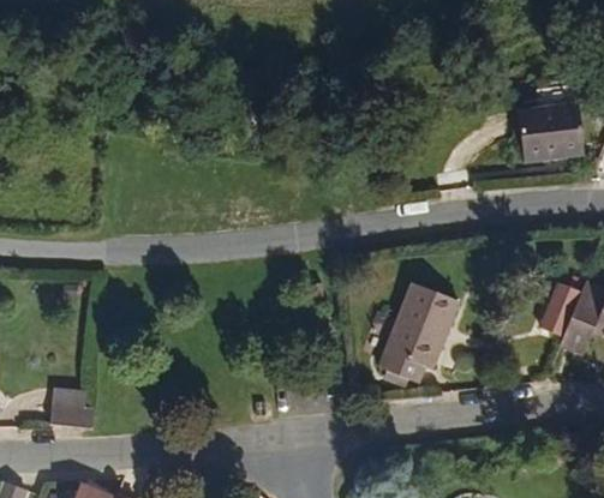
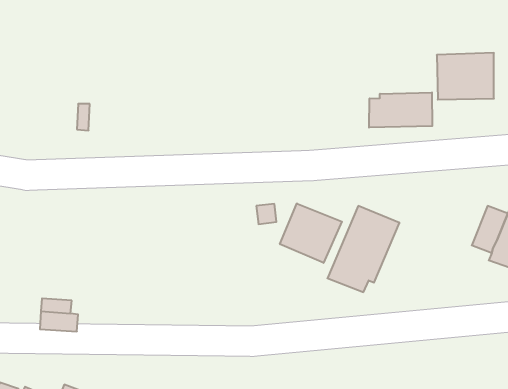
building: none -> [369,92,432,128]
building: none -> [280,203,342,263]

